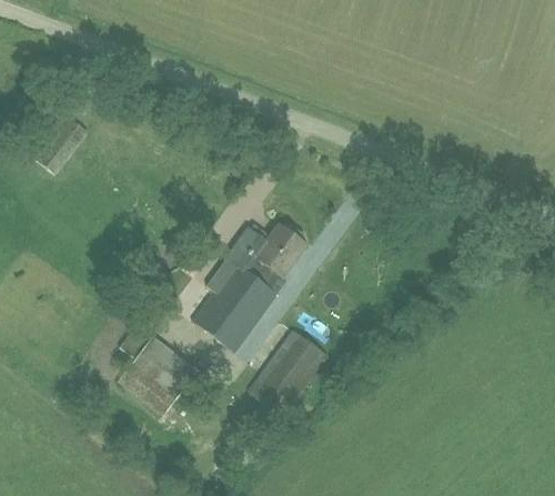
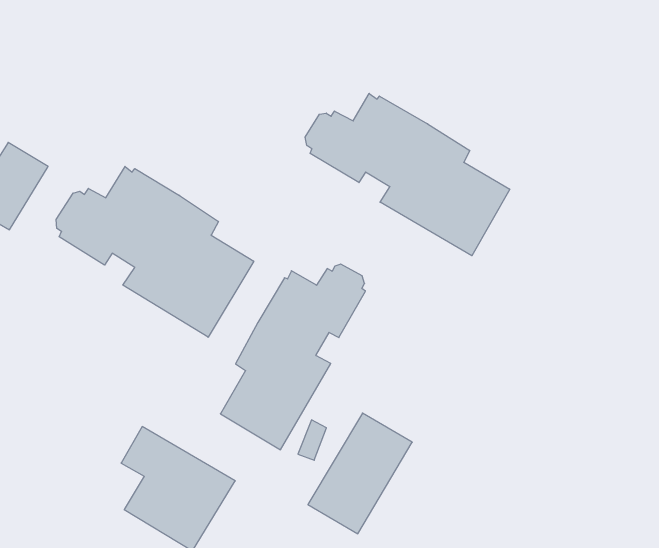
building: none -> [305,93,510,256]
building: none -> [56,166,254,337]

